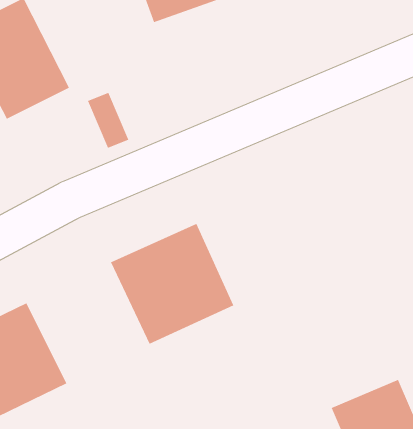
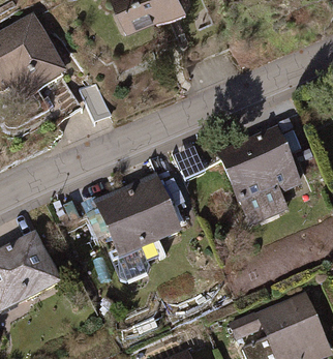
building: none -> [218,128,303,209]

